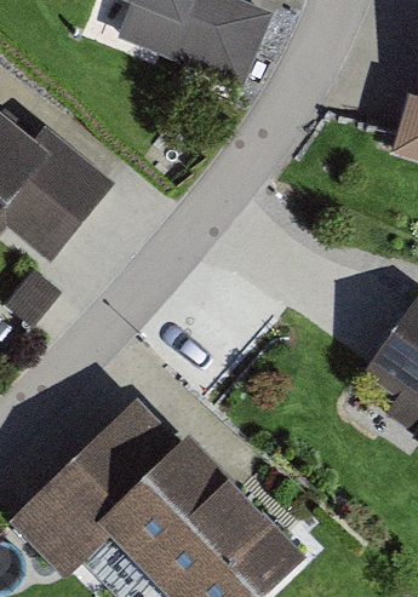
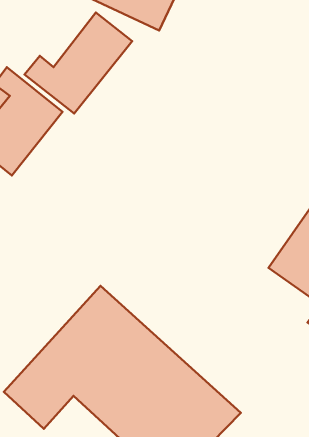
building: none -> [25,12,132,114]

